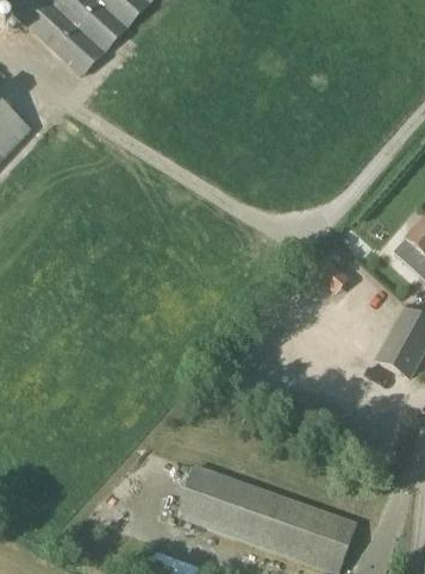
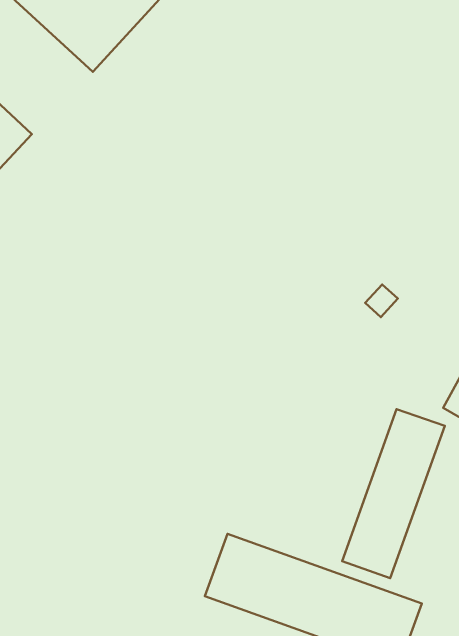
building: none -> [342,409,445,578]

